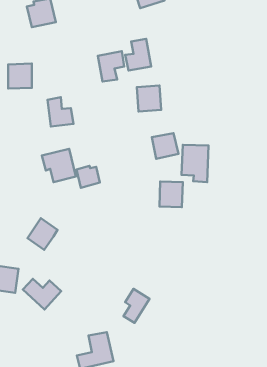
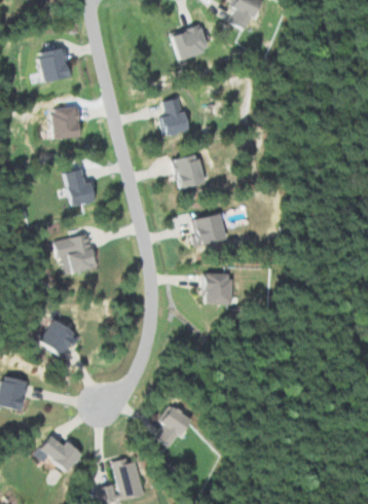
building: [98,51,124,81] -> none
building: [8,64,32,89] -> [52,107,81,138]
building: [181,145,208,182] -> none
building: [76,166,100,188] -> none
building: [23,279,61,310] -> [36,435,83,473]

